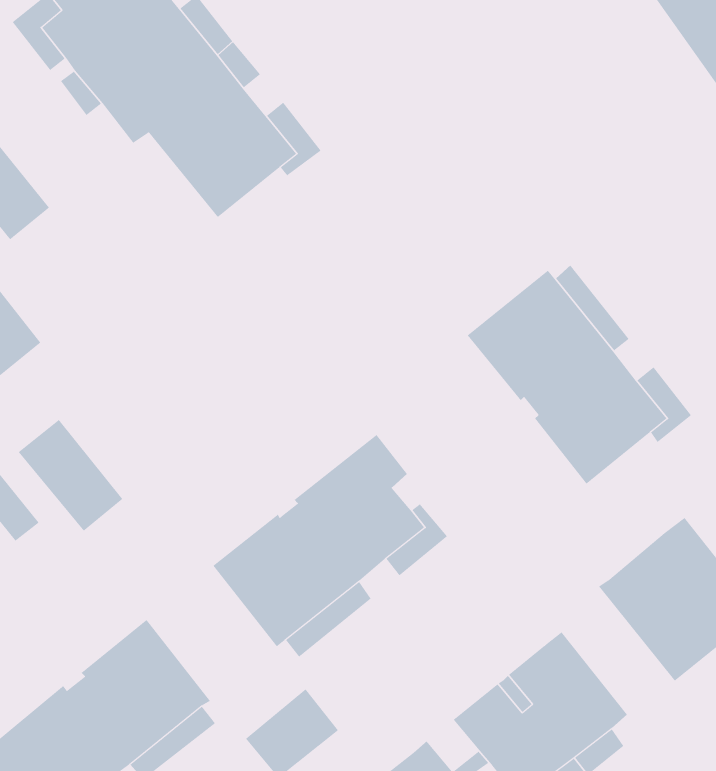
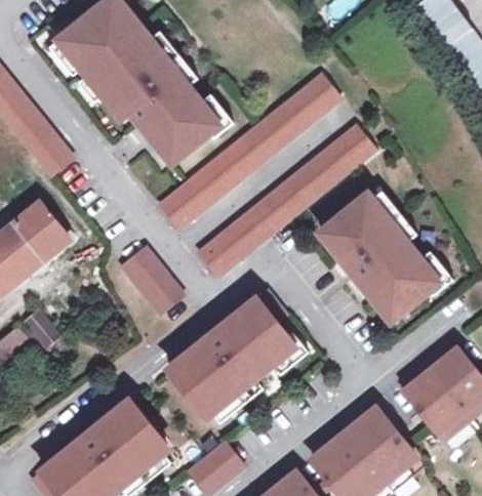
building: none -> [158,74,339,229]
building: none -> [197,125,374,276]
building: [18,419,123,532] -> [120,247,183,314]

